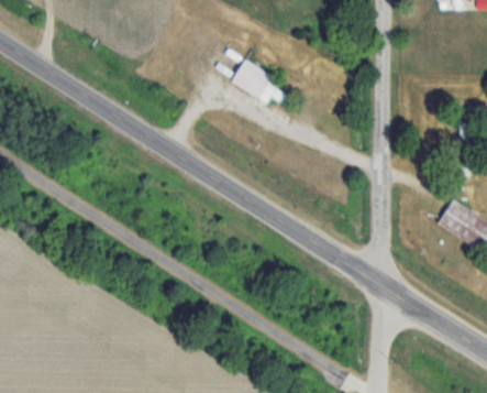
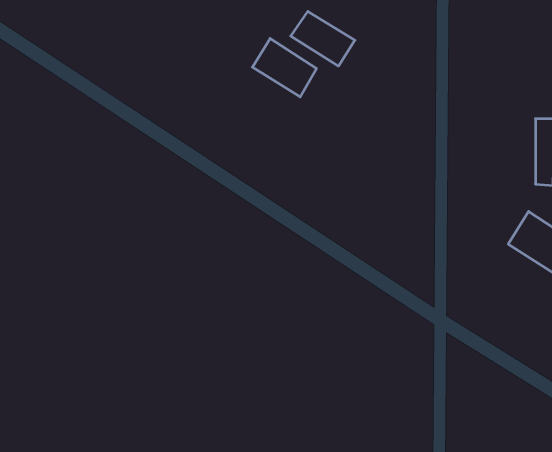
building: none -> [291,11,355,66]

